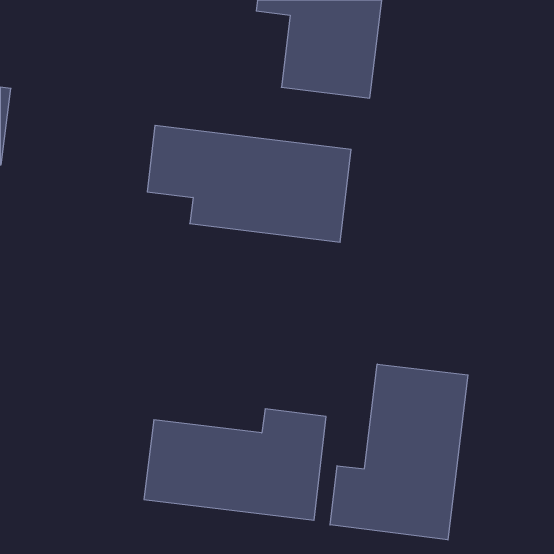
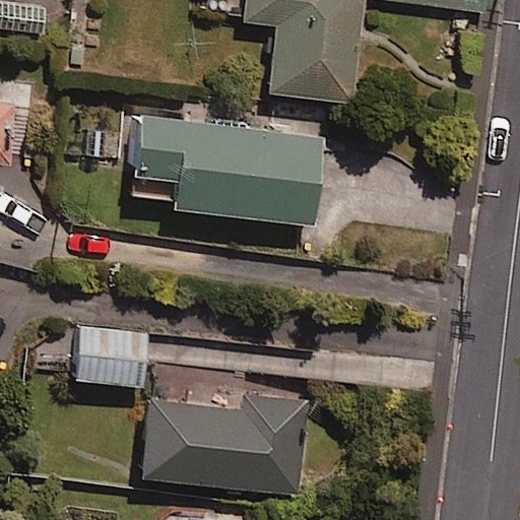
building: none -> [73,322,145,382]
building: [330,364,468,540] -> none

